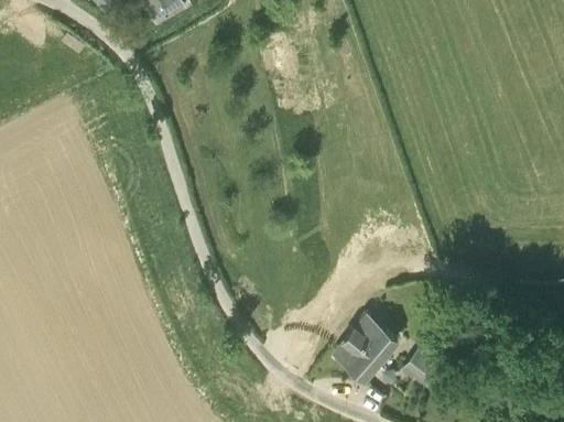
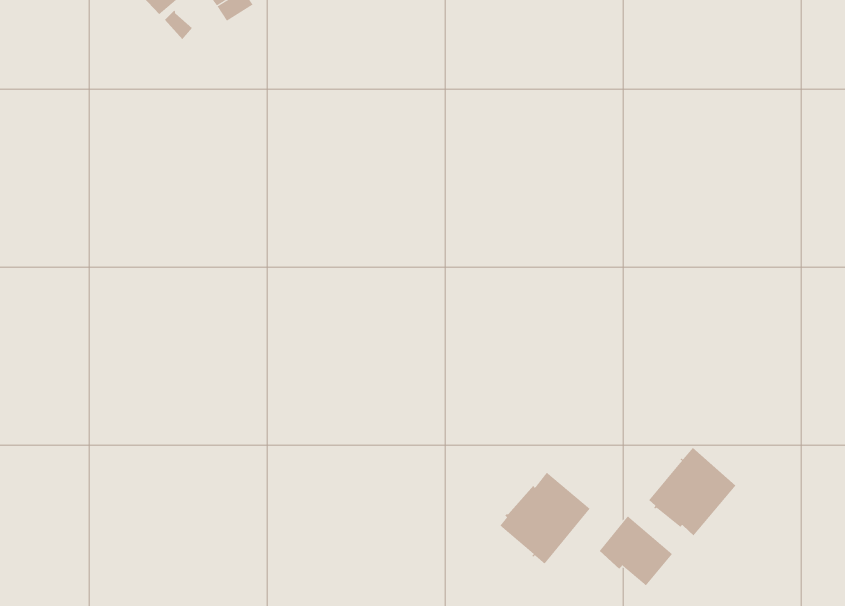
building: none -> [648,447,736,536]

